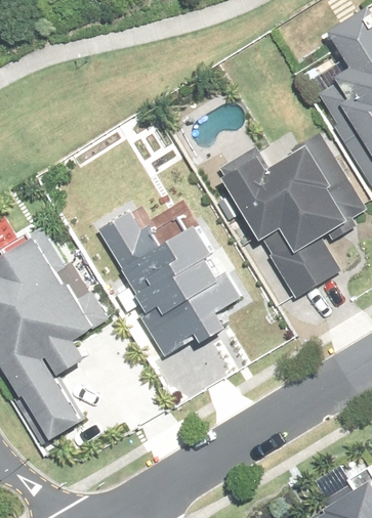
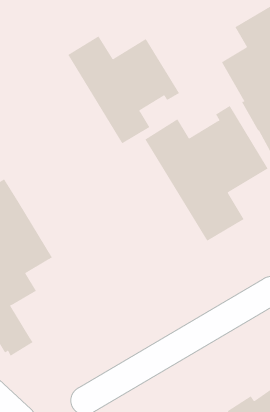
building: none -> [68,35,180,144]
building: [94,206,242,361] -> none

